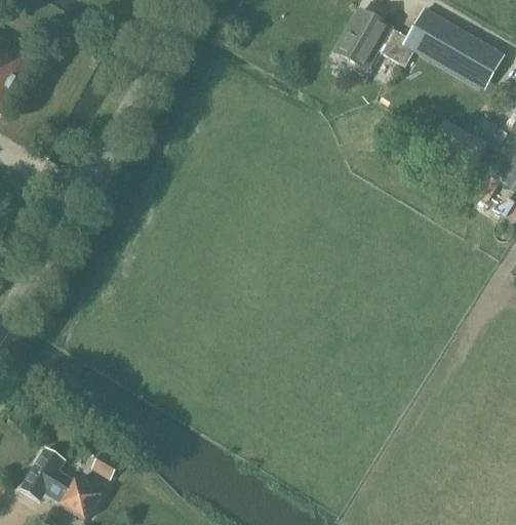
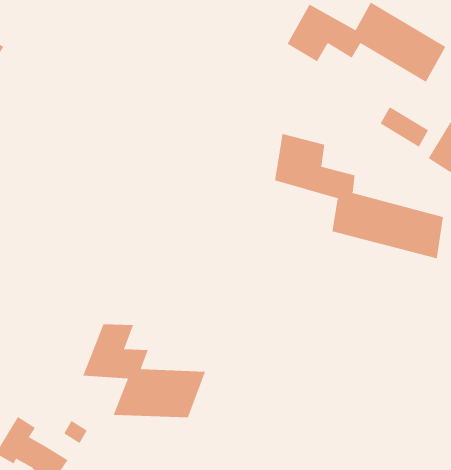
building: none -> [274,133,443,259]
building: none -> [83,323,206,418]

